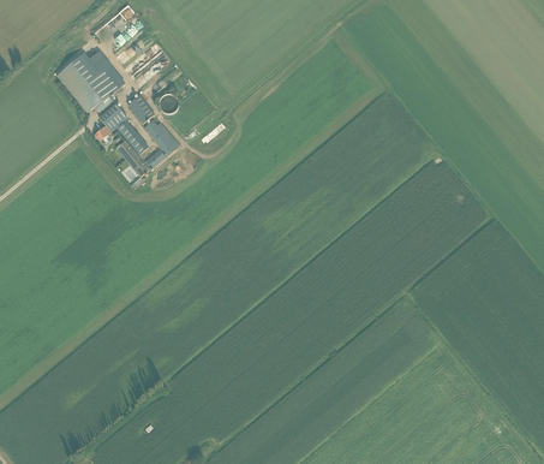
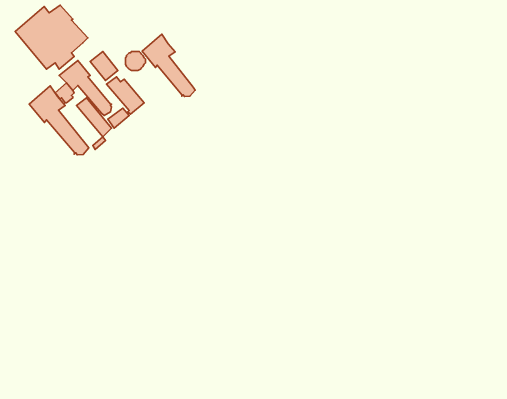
building: none -> [142,34,195,97]
building: none -> [29,86,89,155]

